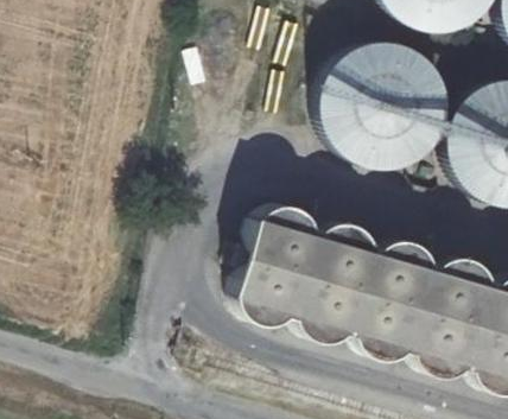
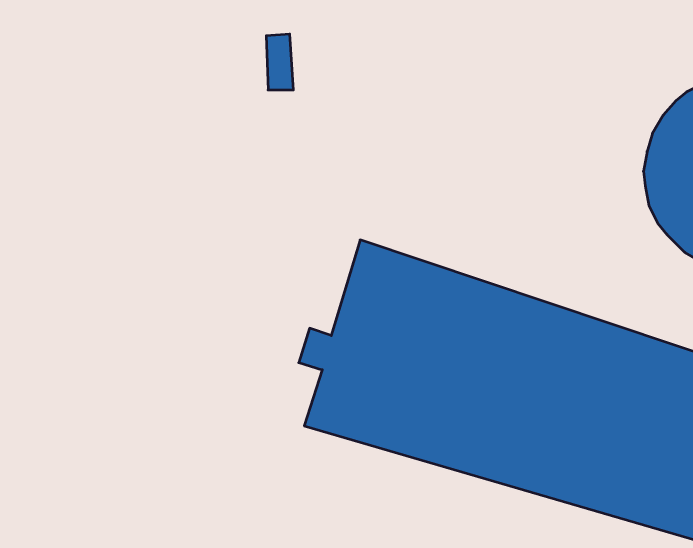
building: [325,52,447,172] -> none

